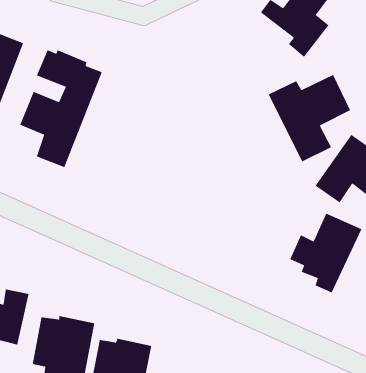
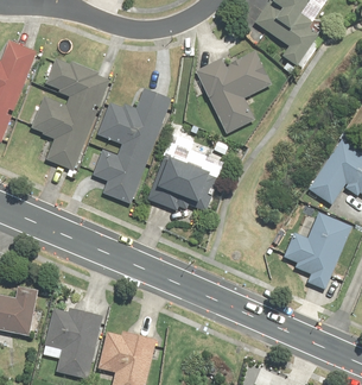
building: [267,74,351,163] -> [193,50,272,133]
building: none -> [90,86,171,204]
building: none -> [146,153,216,212]

